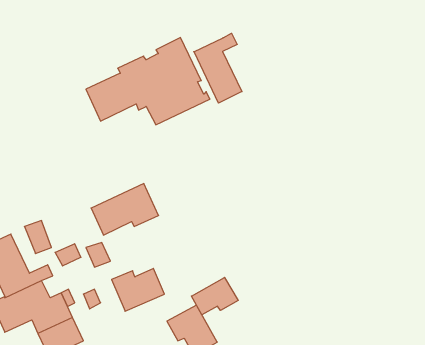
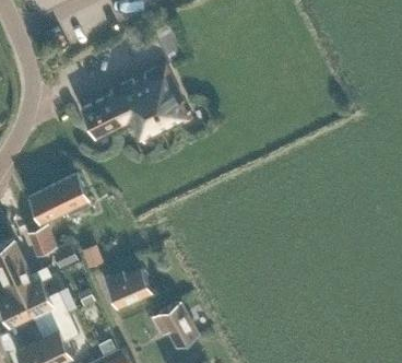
building: [194,33,242,103] -> none
building: [91,184,159,235] -> [31,177,91,223]
building: [191,277,238,315] -> none

